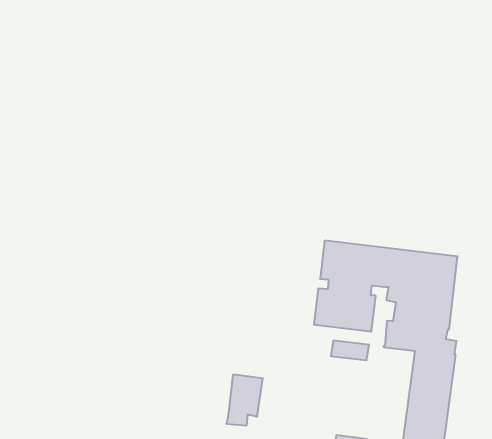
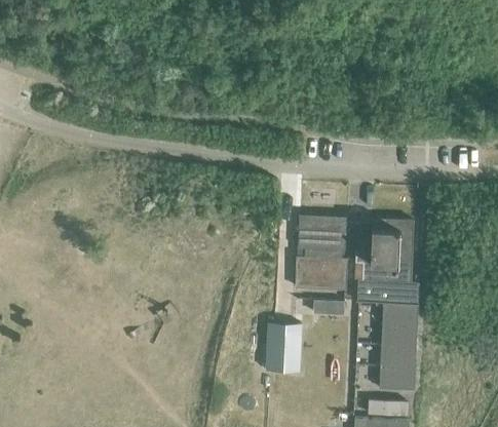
building: [226,375,263,425] -> [266,318,294,360]

